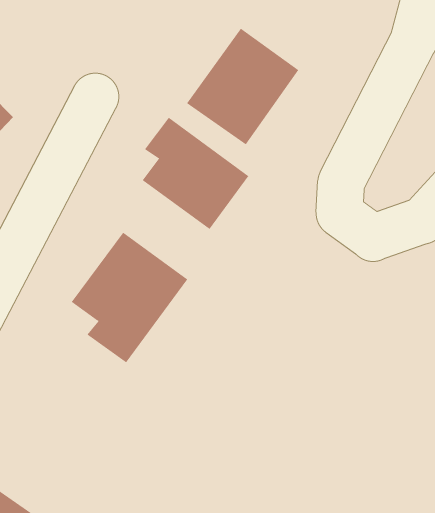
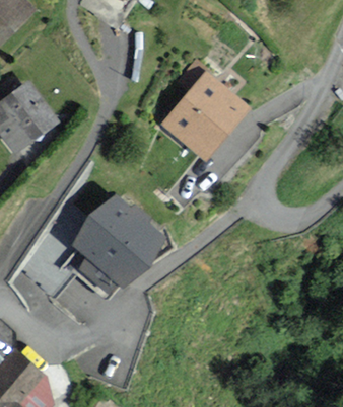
building: [142,117,249,230] -> none

